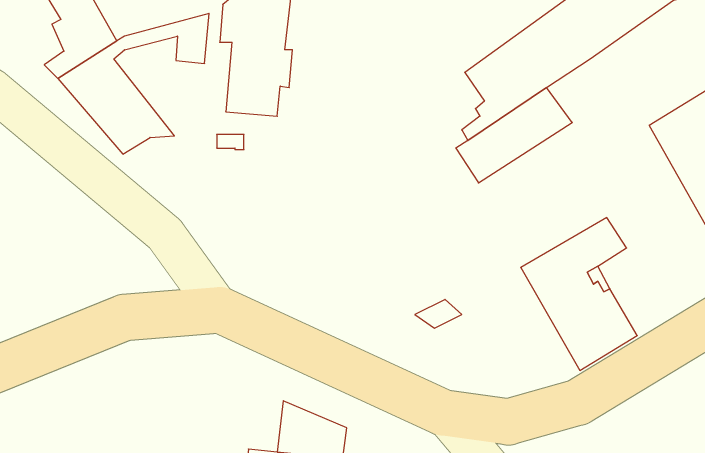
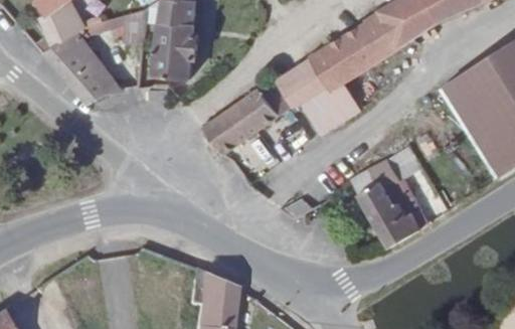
building: none -> [285,49,331,104]
building: none -> [206,87,297,155]

